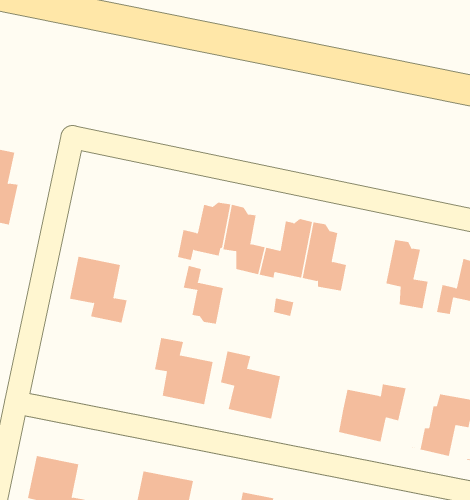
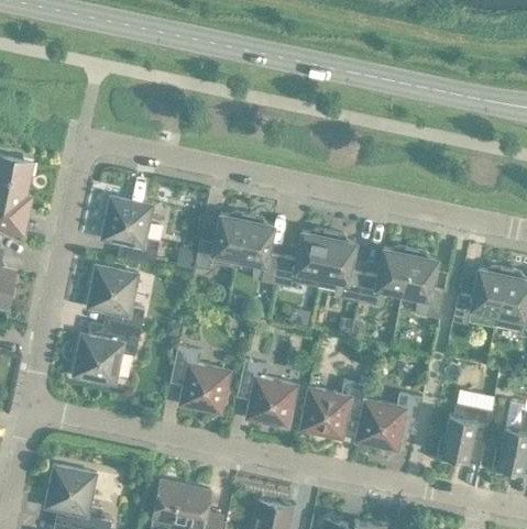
building: none -> [100,196,158,264]
building: none -> [358,245,410,306]
building: [183,265,223,325] -> none
building: none -> [72,326,139,385]
building: none -> [298,381,366,439]

